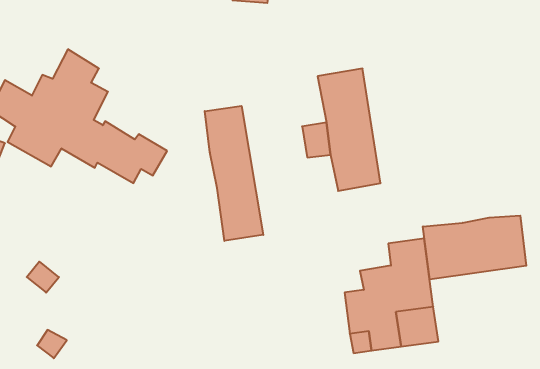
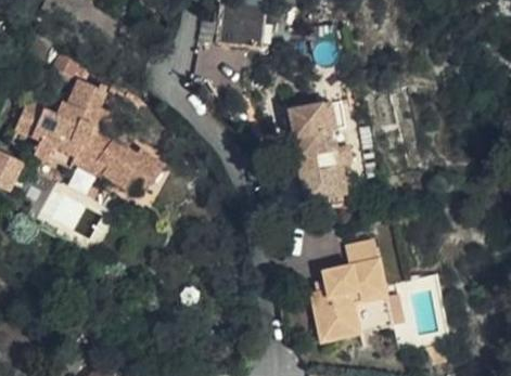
building: [205,106,263,241] -> none
building: [423,216,526,279] -> none

